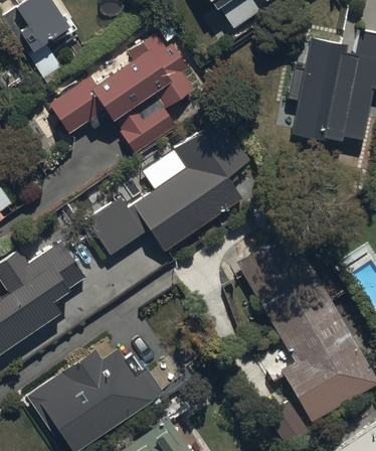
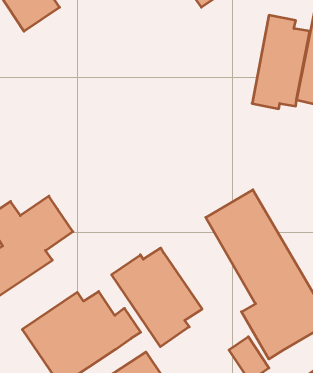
building: [47,30,194,153] -> none
building: [81,116,248,257] -> none
building: none -> [112,248,202,347]

